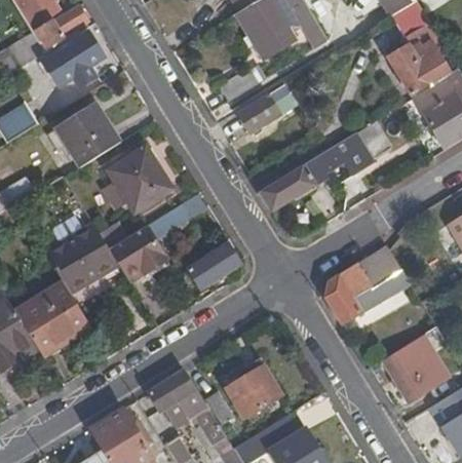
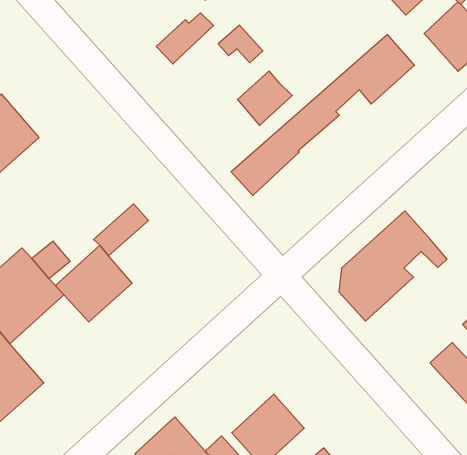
building: [239,92,281,132] -> [237,71,292,126]
building: [107,146,169,210] -> none
building: [188,242,241,287] -> none

